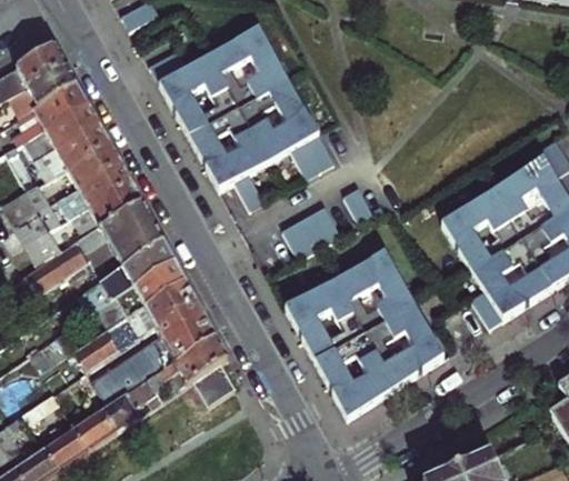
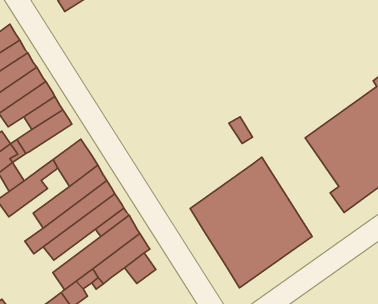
building: [149,26,335,207] -> none
building: [70,182,141,241] -> none
building: [282,202,341,255] -> none

